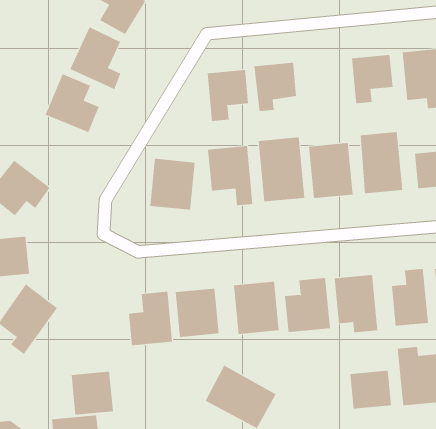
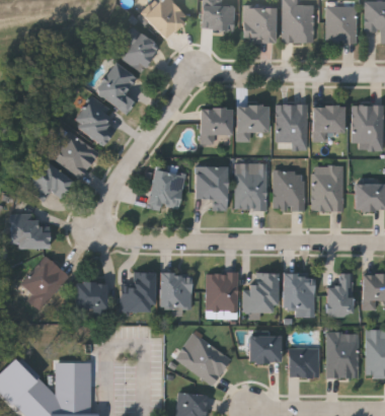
building: none -> [278,103,308,150]
building: none -> [51,132,98,178]
building: none -> [249,336,281,363]
building: [71,371,114,415] -> [76,282,106,314]

